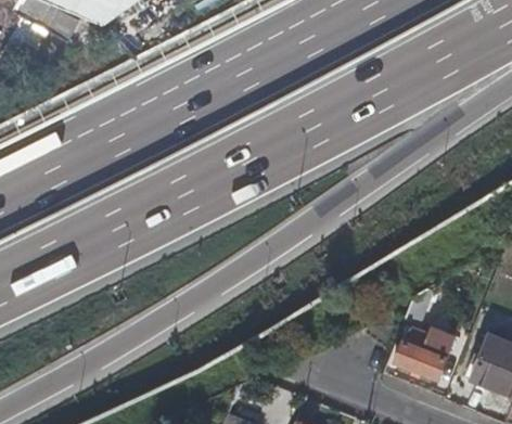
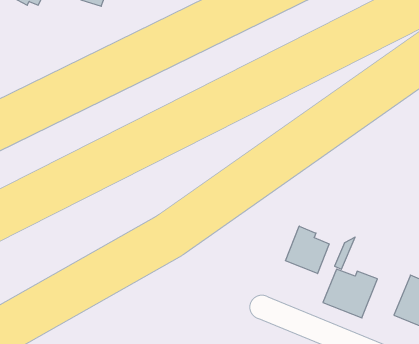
building: none -> [285,226,329,274]

